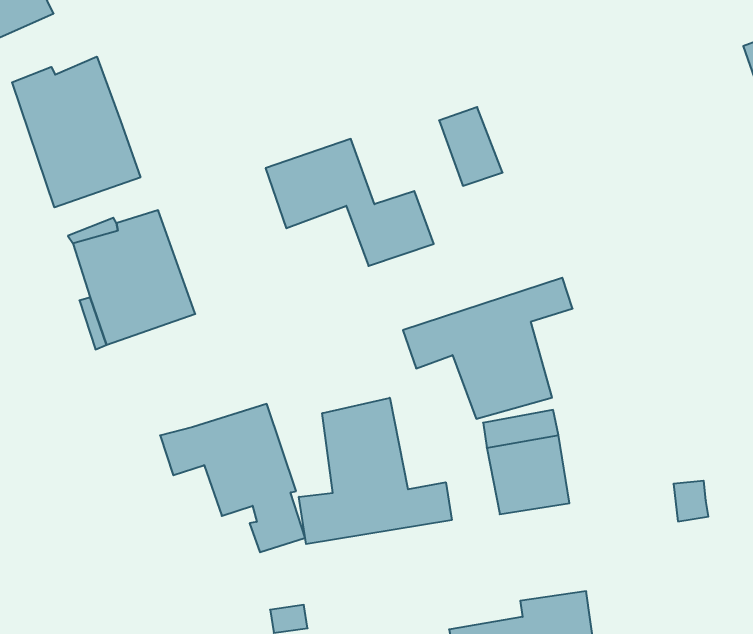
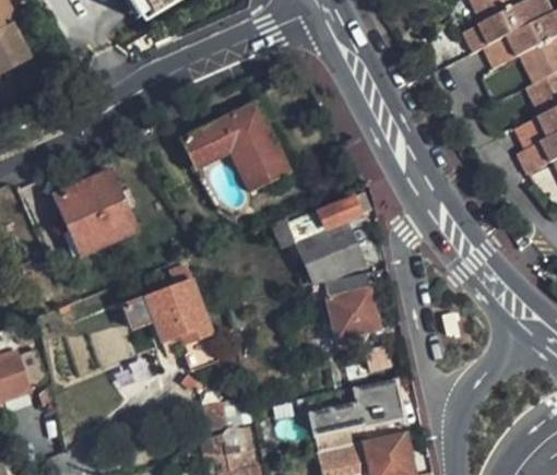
building: [12,57,140,207] -> none
building: [439,107,503,186] -> [228,103,270,152]
building: [299,398,452,544] -> none

